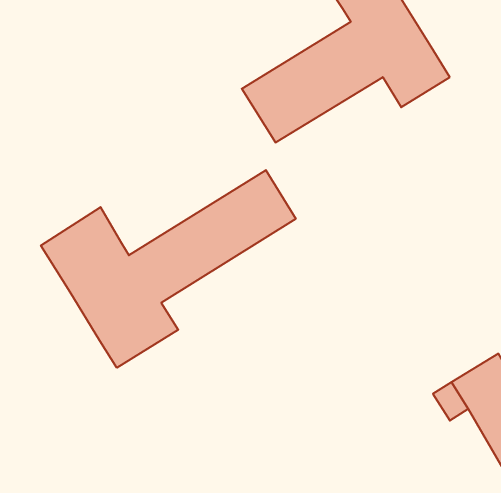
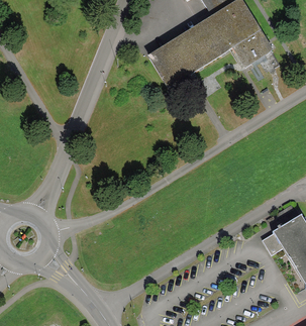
building: [41,170,296,368] -> none

